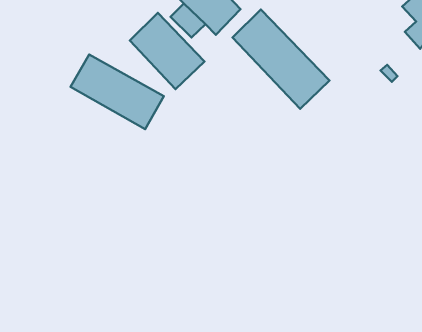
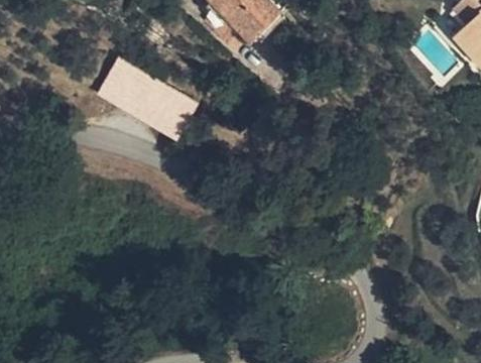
building: [233,10,329,109] -> none
building: [130,13,205,89] -> none

